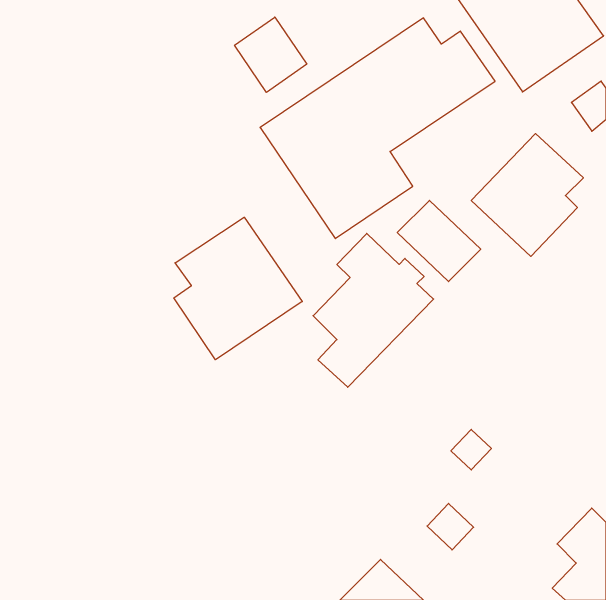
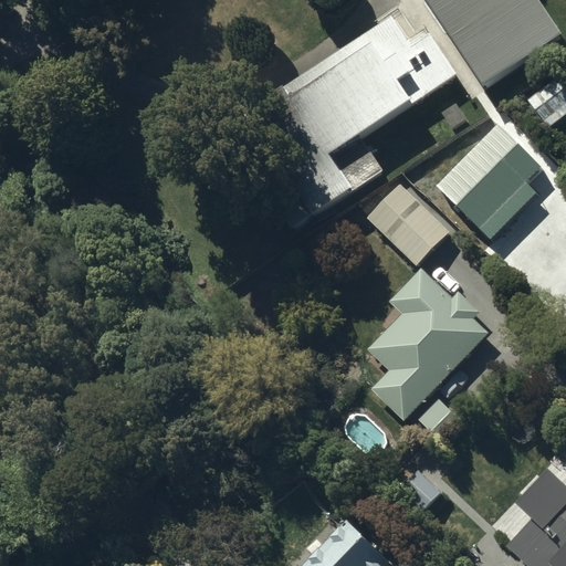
building: [235,17,307,92] -> none
building: [174,217,302,360] -> none
building: [313,233,434,387] -> [371,271,483,413]

